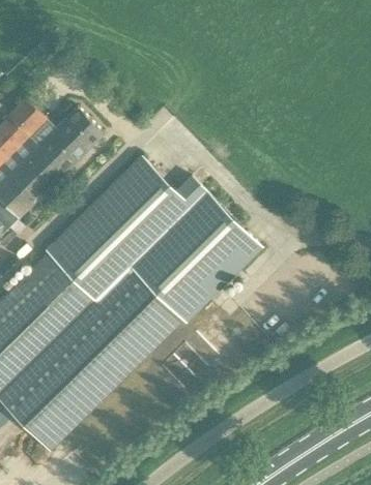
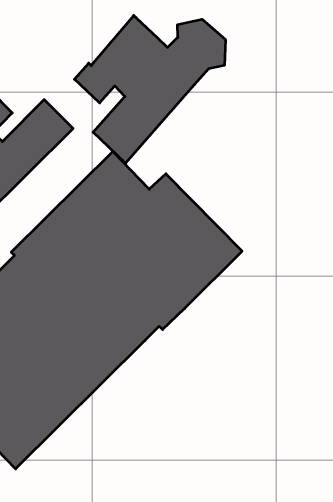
building: none -> [74,15,225,163]

